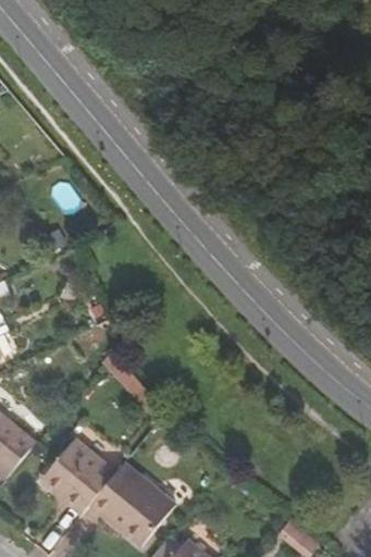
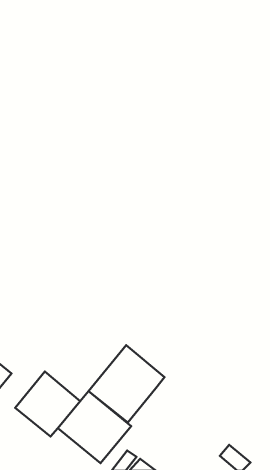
building: none -> [88,345,164,423]

